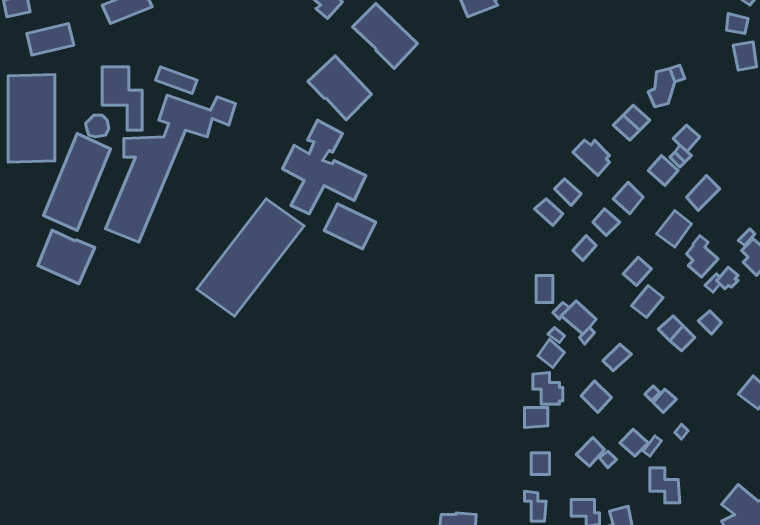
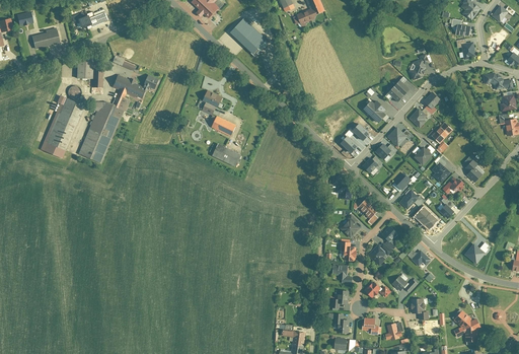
building: [308,56,372,120] -> none
building: [8,75,55,162] -> none
building: [197,199,304,316] -> none
building: [38,230,95,284] -> none

